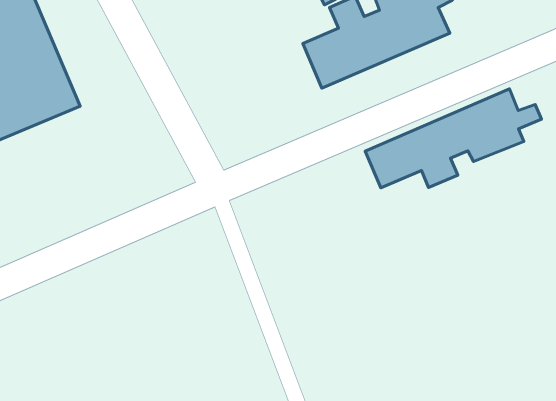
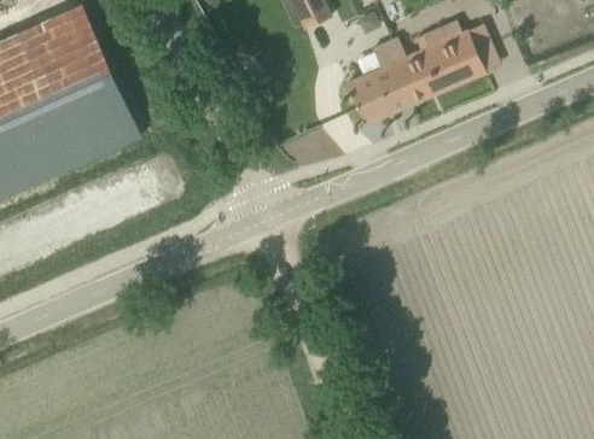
building: [365,89,542,188] -> none

